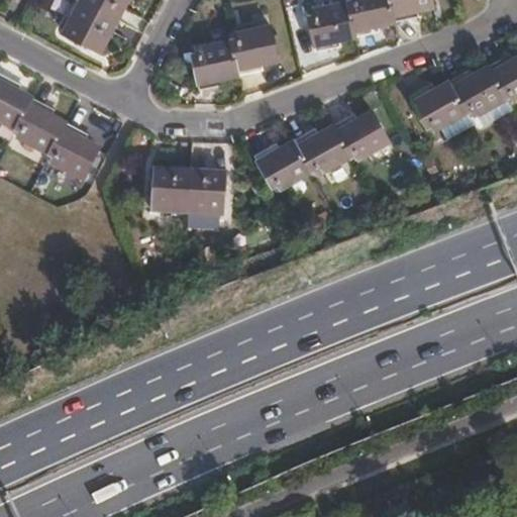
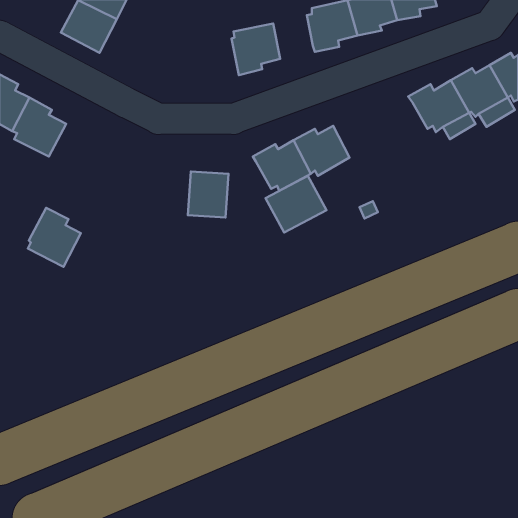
building: [189,38,237,90] -> none
building: [331,108,391,160] -> none
building: [47,123,100,182] -> [28,208,81,267]
building: [149,169,190,214] -> none
building: none -> [266,176,326,232]

